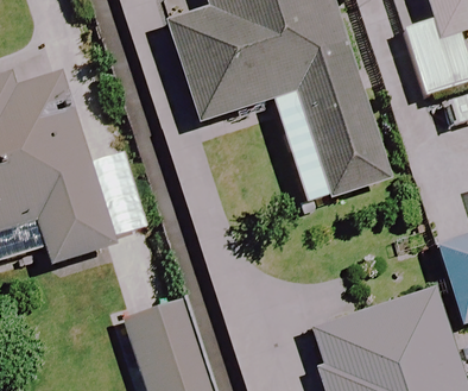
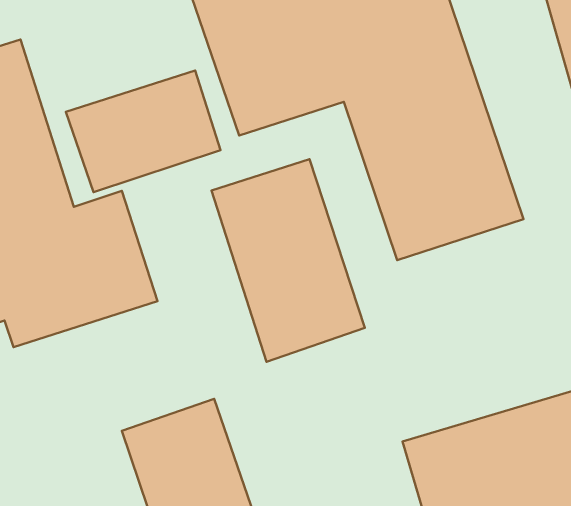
building: none -> [66,70,221,192]
building: none -> [211,159,365,362]

